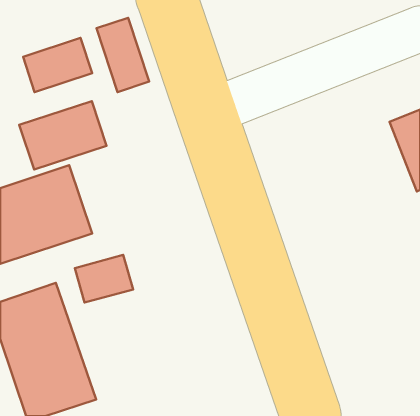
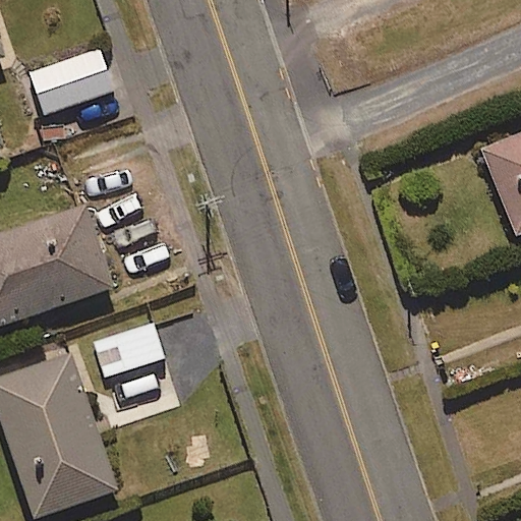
building: [96,18,149,92] -> none
building: [19,101,107,170] -> none

